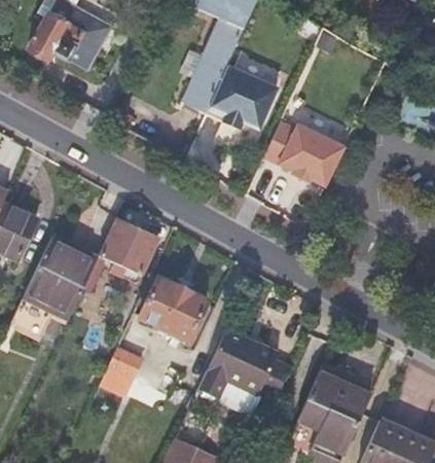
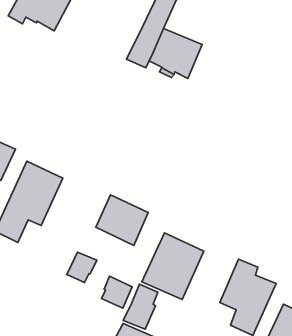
building: [262,120,345,188] -> none
building: [84,219,156,292] -> none
building: none -> [102,276,132,308]

